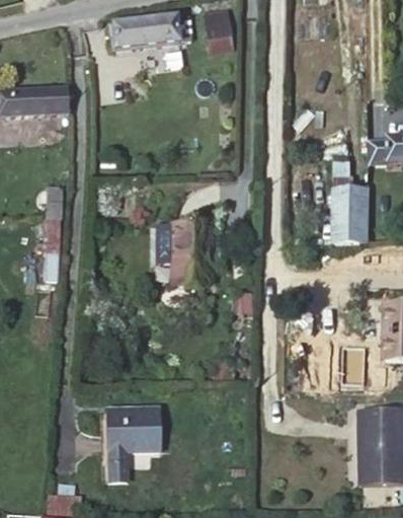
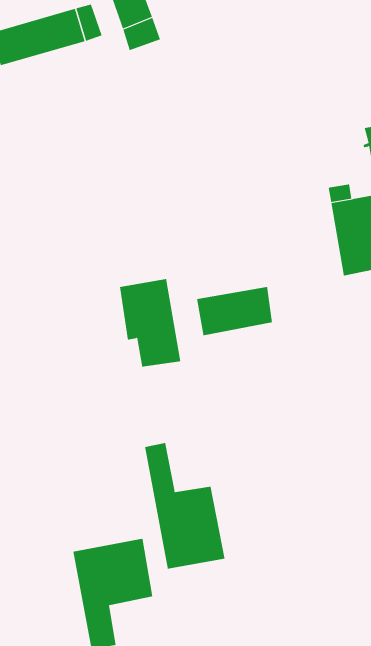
building: none -> [197,286,273,336]
building: none -> [144,442,225,570]

